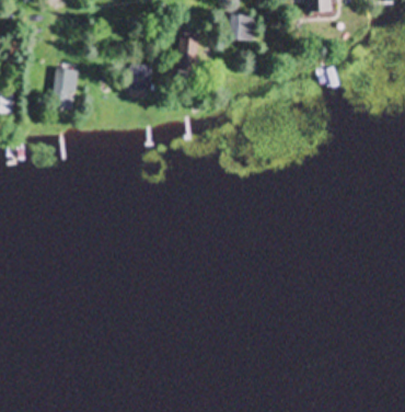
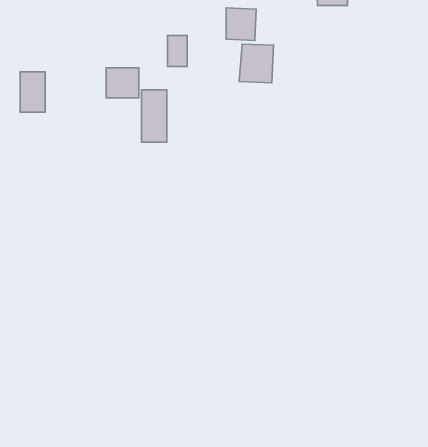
building: none -> [239,44,274,83]
building: none -> [141,90,167,142]

